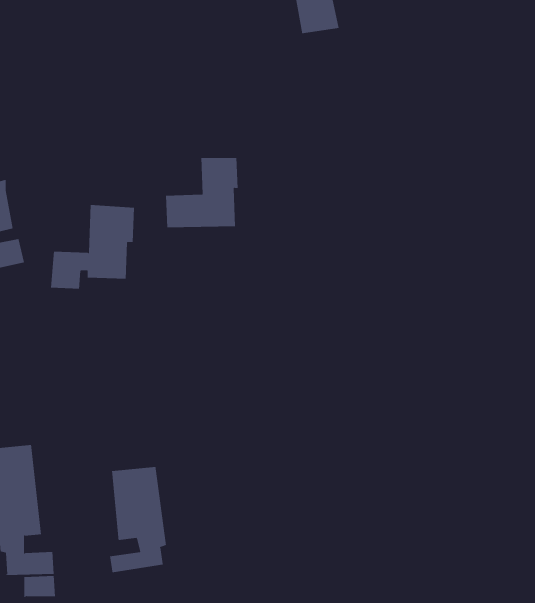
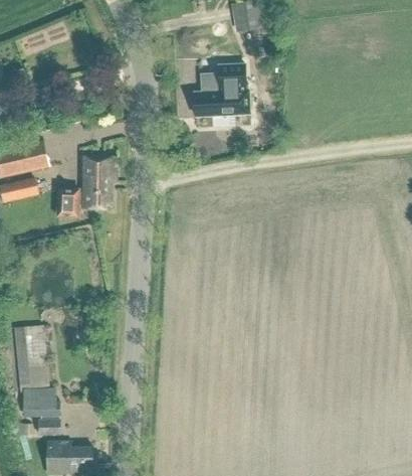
building: [165,157,239,228] -> [194,65,246,116]
building: [109,466,166,573] -> none

